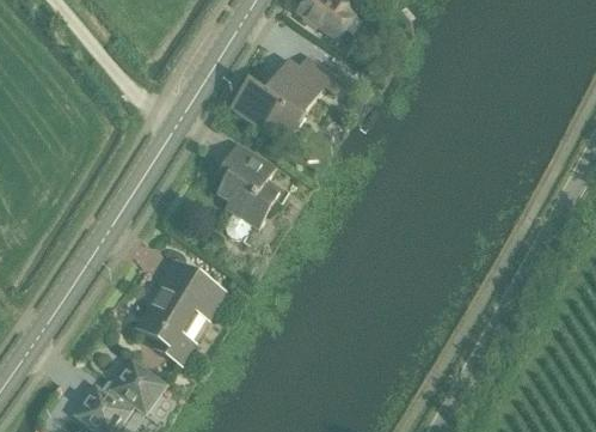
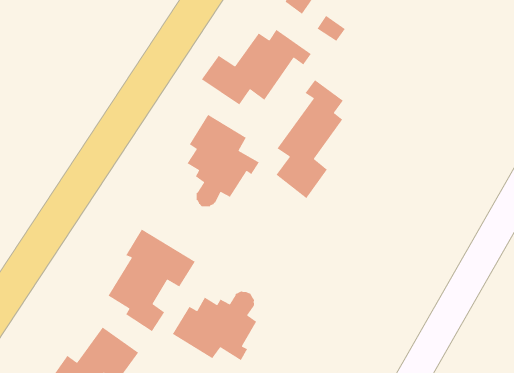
building: none -> [276,79,344,199]
building: none -> [172,291,257,361]

